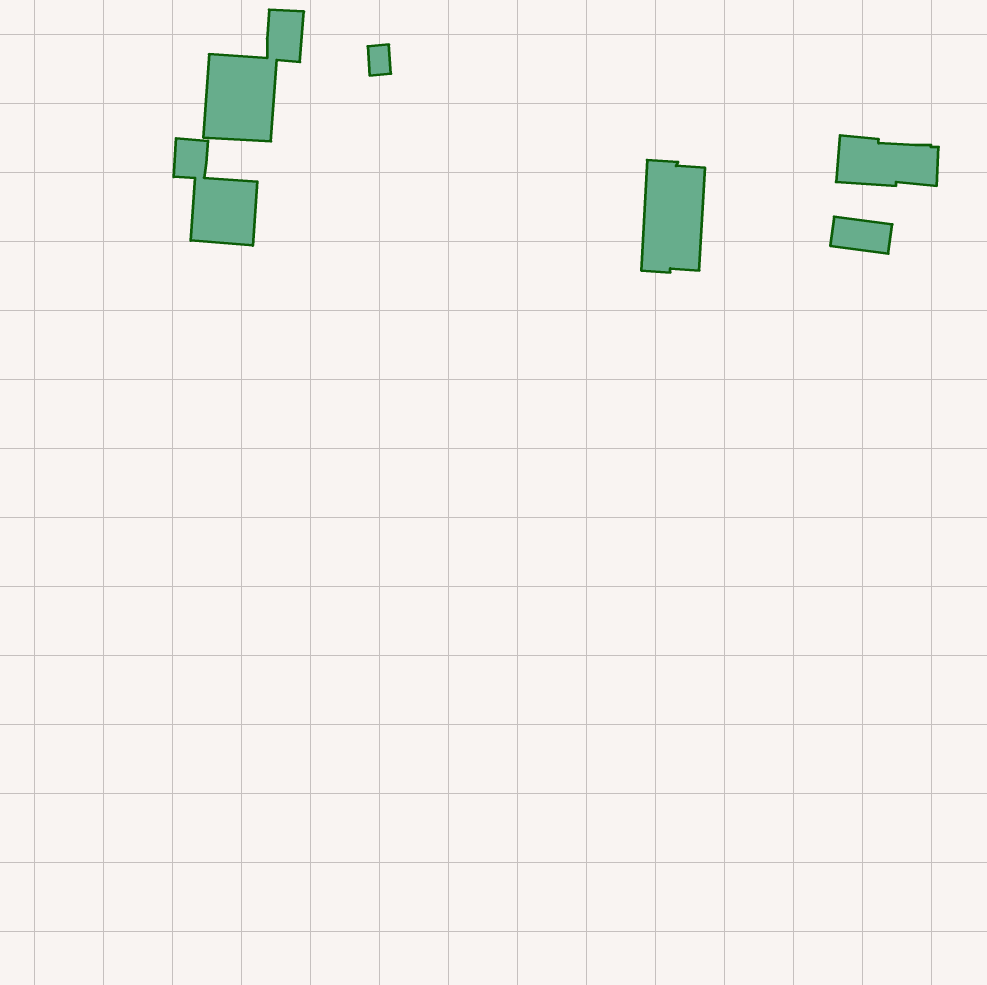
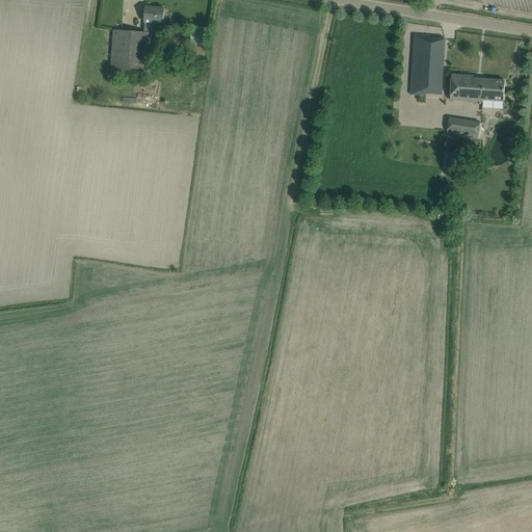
building: [174,138,257,246] -> none
building: [641,160,705,272] -> [409,33,444,94]

